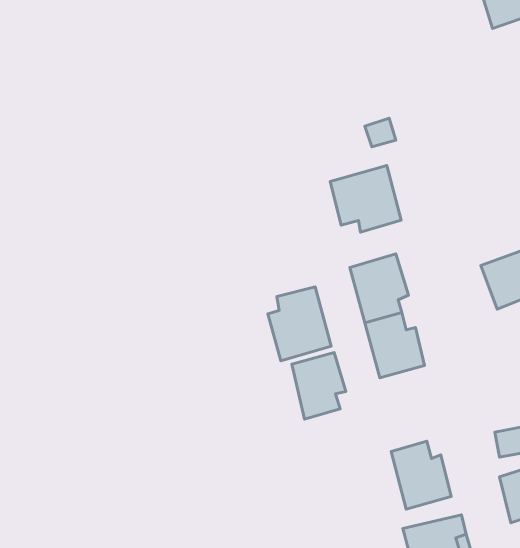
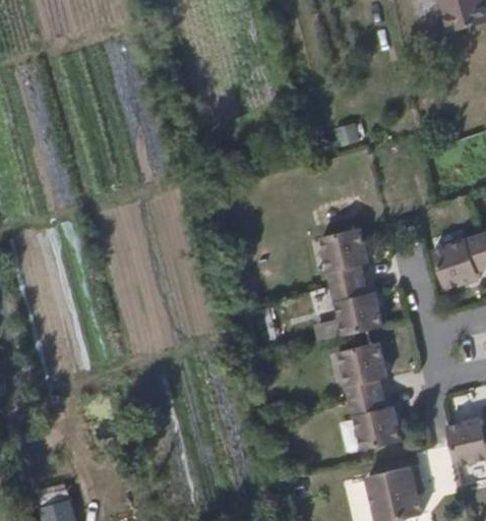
building: [330,165,401,232] -> none
building: [268,287,331,361] -> none
building: [292,353,346,419] -> [342,347,389,406]

